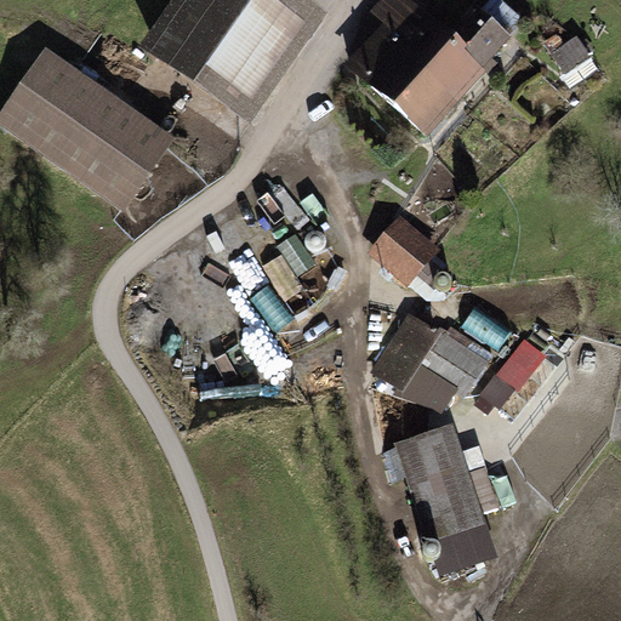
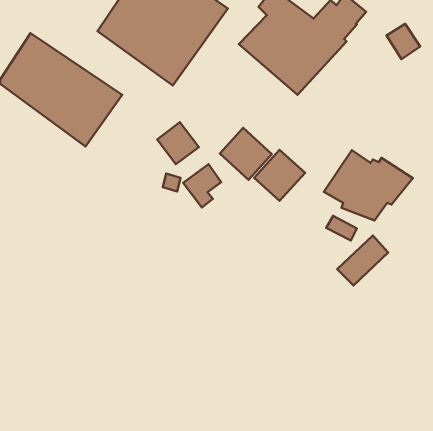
building: none -> [157,122,199,164]
building: none -> [220,128,272,180]
building: [369,312,496,412] -> [324,150,413,221]
building: [394,422,498,574] -> none

